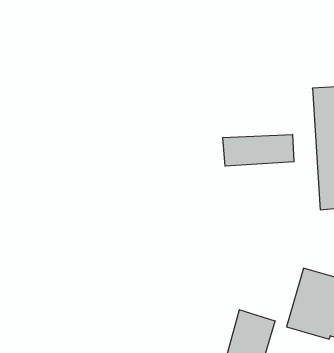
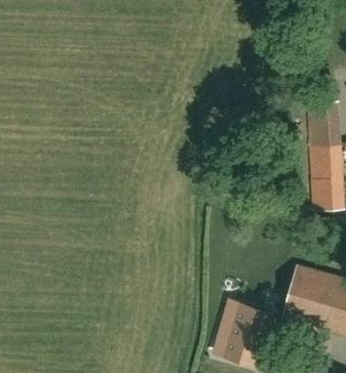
building: [223,134,294,166] -> none

